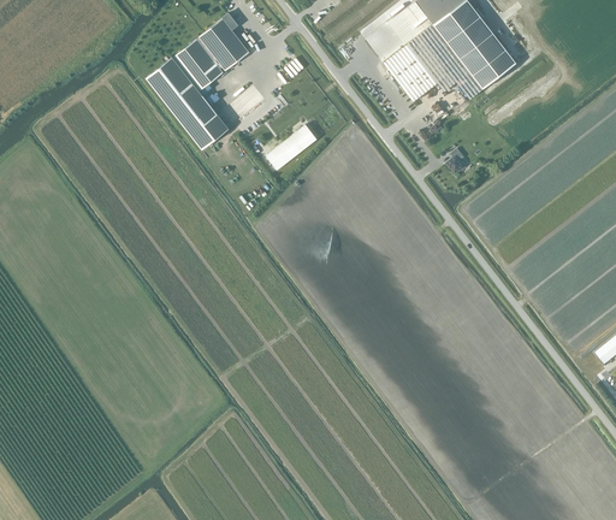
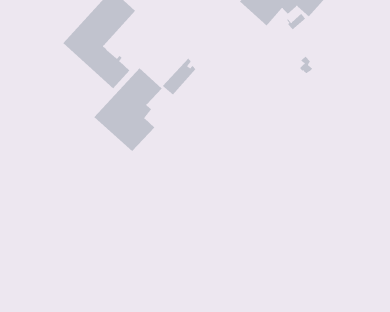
building: none -> [93,68,162,152]

